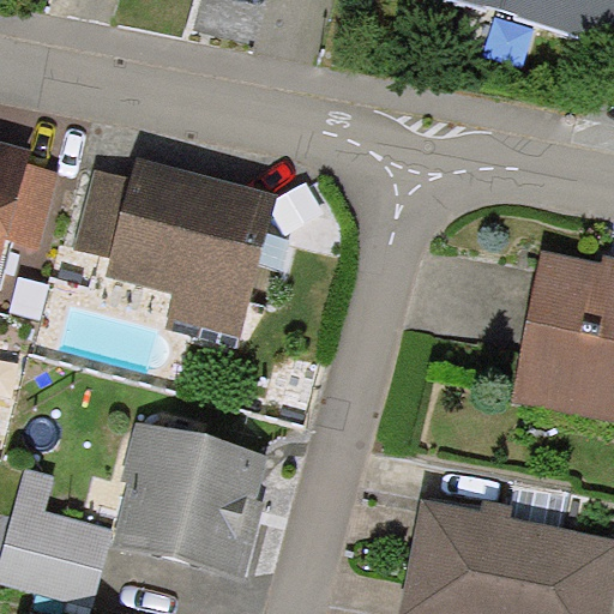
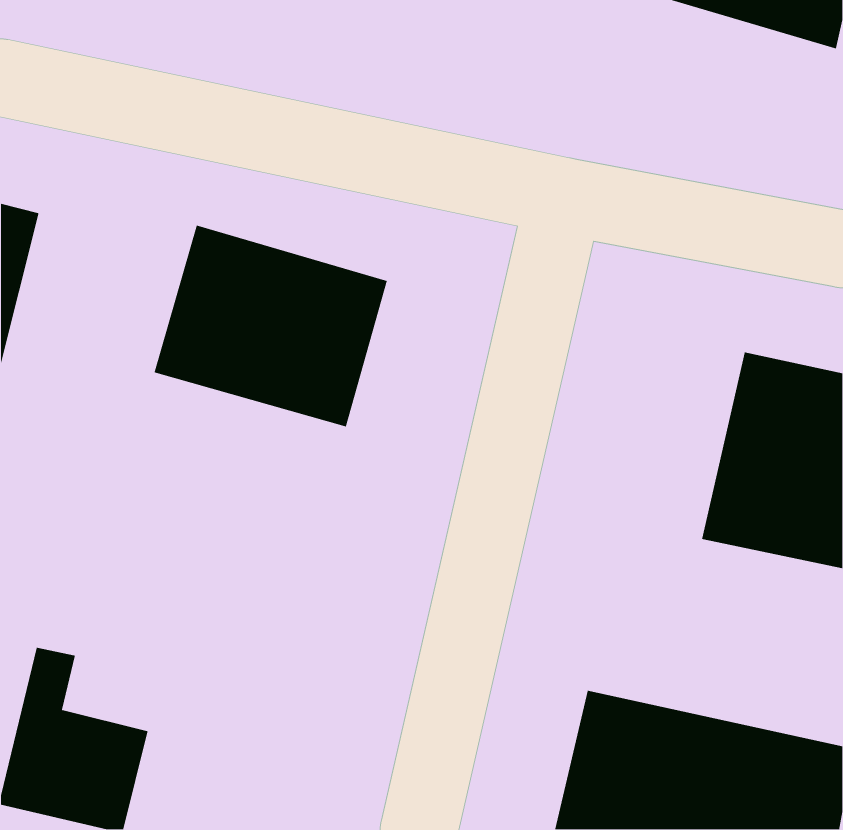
building: [116,421,266,574] -> none

